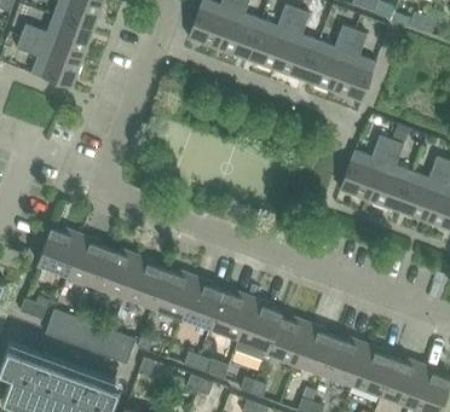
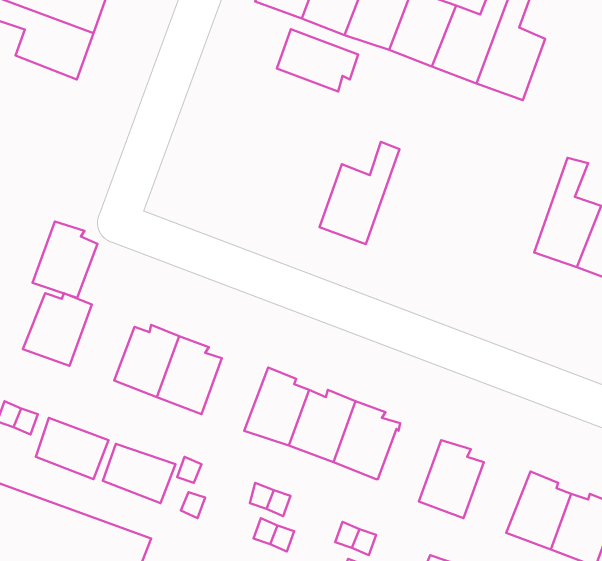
building: none -> [277,29,358,91]
building: [339,134,391,201] -> [319,142,399,244]
building: [67,234,109,284] -> [32,222,98,298]
building: [152,269,196,317] -> none
building: [264,315,308,362] -> none
building: [323,337,367,383] -> none

